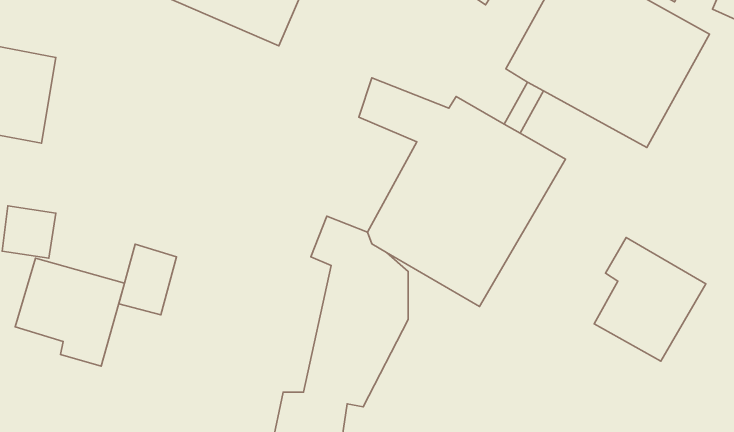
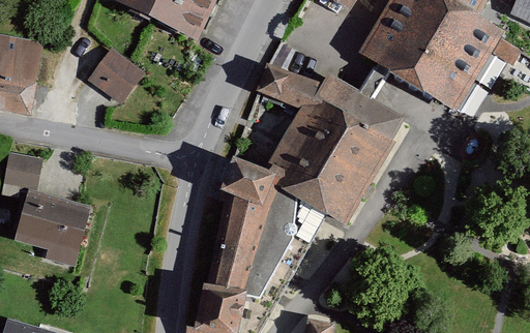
building: none -> [86,49,139,99]
building: [594,238,706,361] -> none
building: [119,244,176,315] -> none

